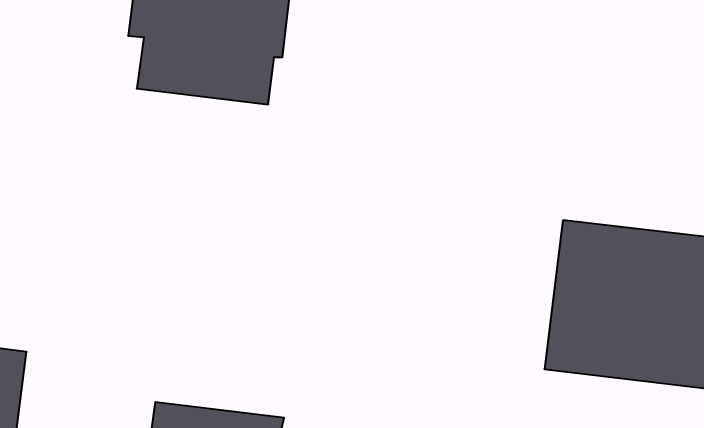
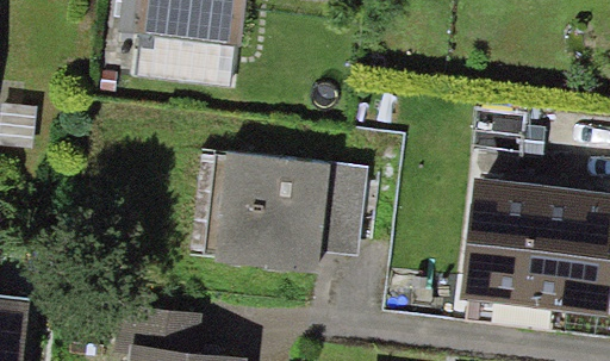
building: none -> [206,136,372,263]

